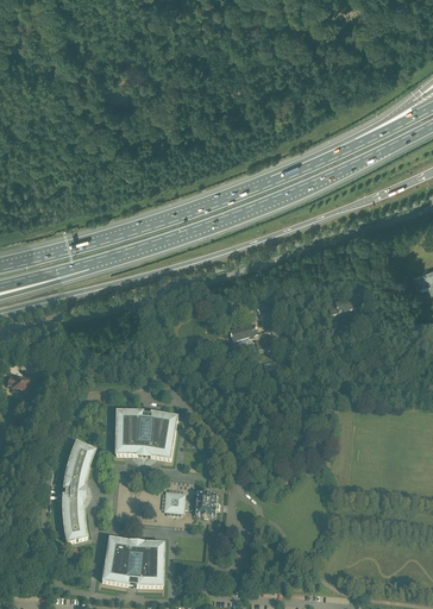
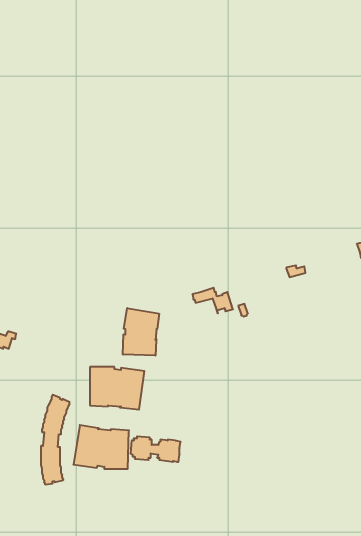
building: none -> [123,308,159,356]
building: [101,536,163,585] -> [73,425,129,469]

